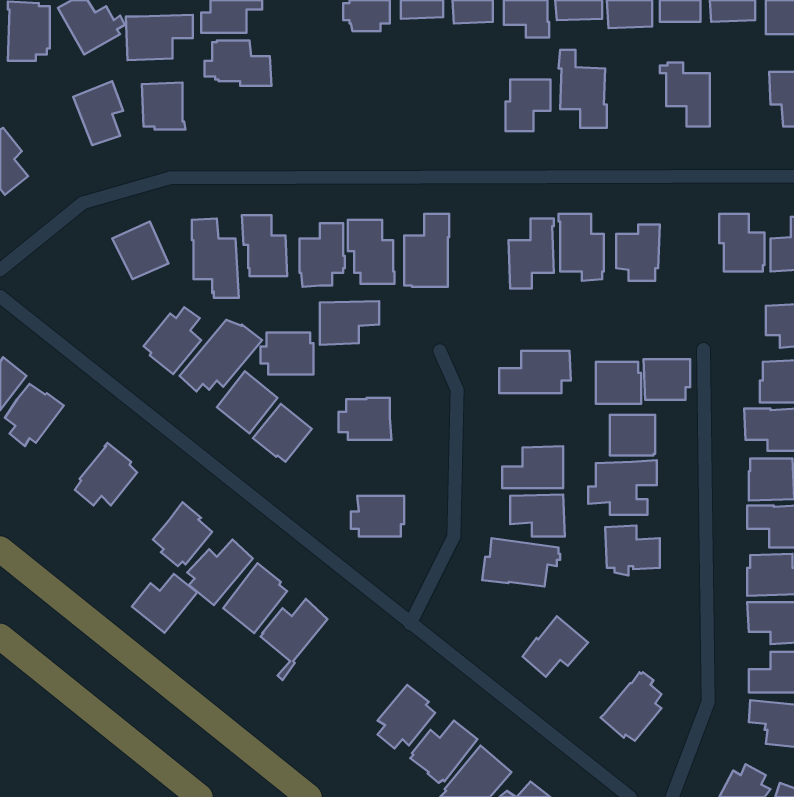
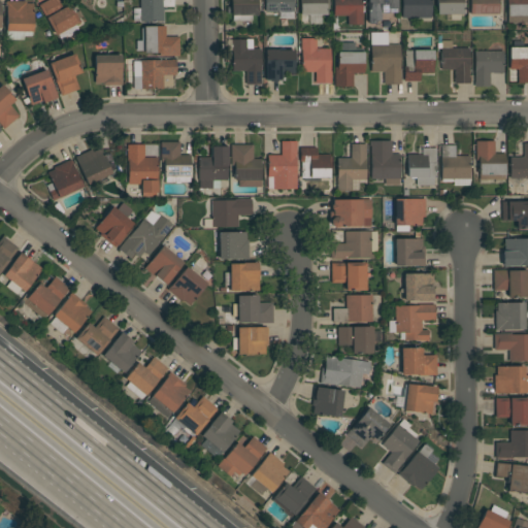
building: [126,15,193,60] -> [134,60,178,90]
building: none -> [302,38,333,84]
building: none -> [233,39,263,85]
building: none -> [267,50,297,82]
building: none -> [405,51,435,81]
building: none -> [476,52,505,87]
building: none -> [23,70,59,105]
building: none -> [442,145,471,179]
building: none -> [301,147,332,182]
building: none -> [48,160,85,200]
building: none -> [331,200,373,228]
building: [260,332,313,374] -> [216,232,251,260]
building: [644,359,690,400] -> [396,199,427,226]
building: none -> [332,263,368,292]
building: none -> [23,277,71,321]
building: none -> [234,296,274,324]
building: [132,574,197,633] -> [77,317,121,356]
building: none -> [405,384,438,415]
building: none -> [312,387,345,418]
building: none -> [202,412,241,459]
building: none -> [384,425,421,473]
building: none -> [219,436,268,476]

